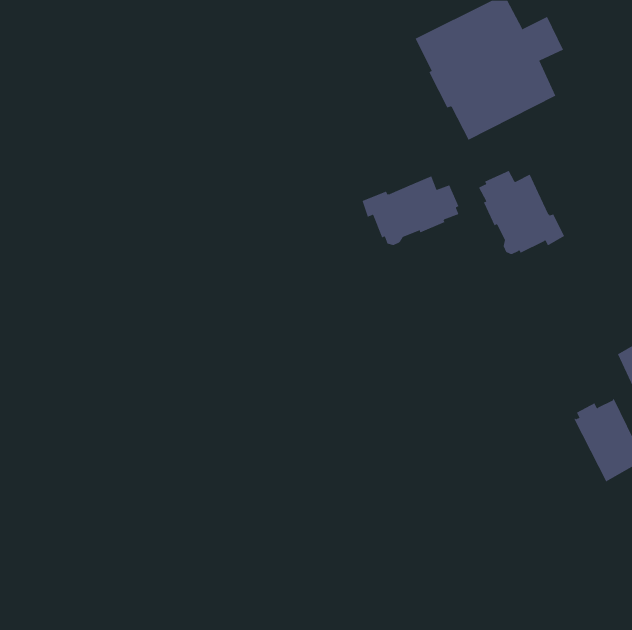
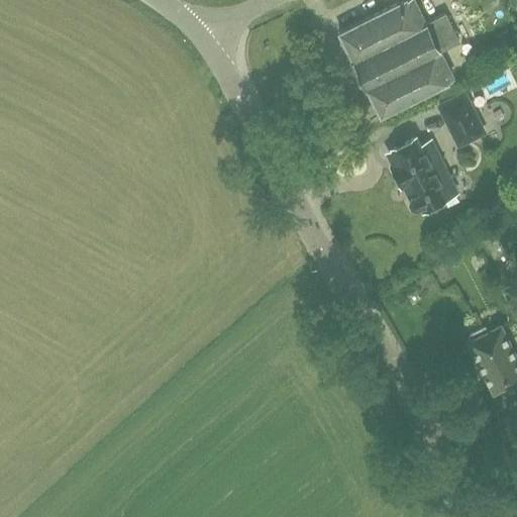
building: none -> [437,93,489,151]
building: [362,175,459,246] -> none

